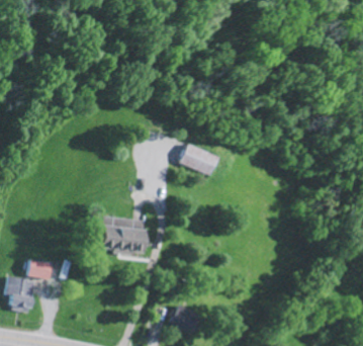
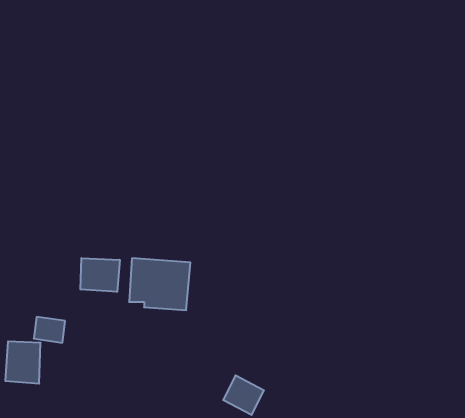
building: [181,144,218,175] -> none
building: none -> [80,258,120,292]

